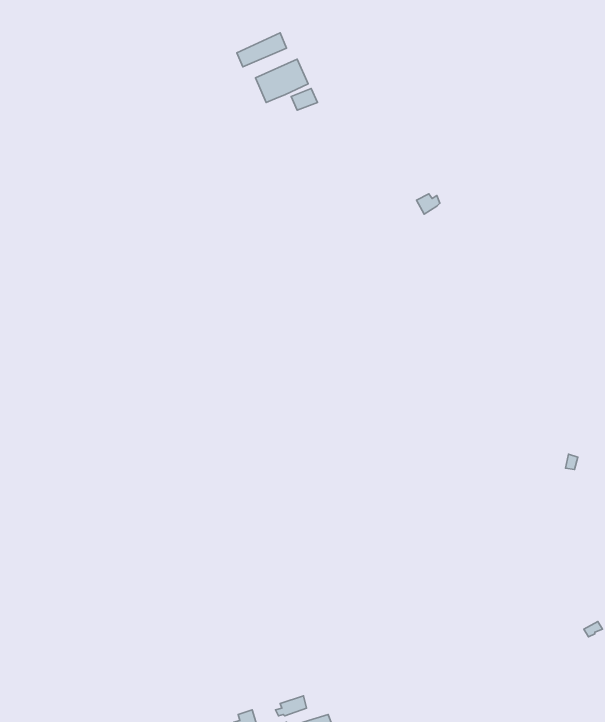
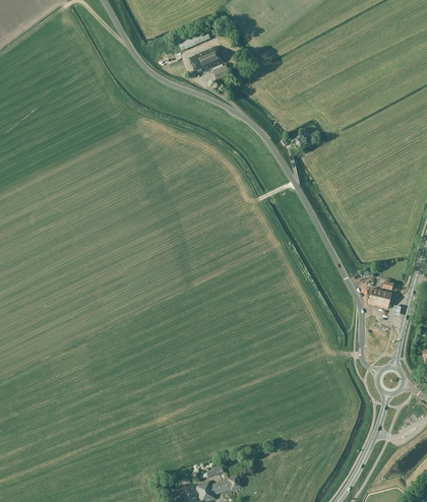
building: none -> [368,281,392,308]

